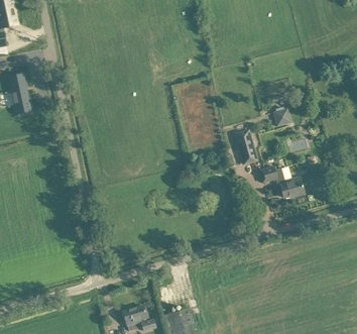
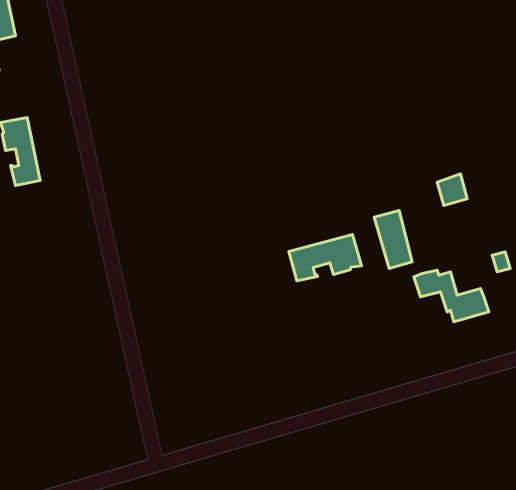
building: none -> [289,234,362,281]

